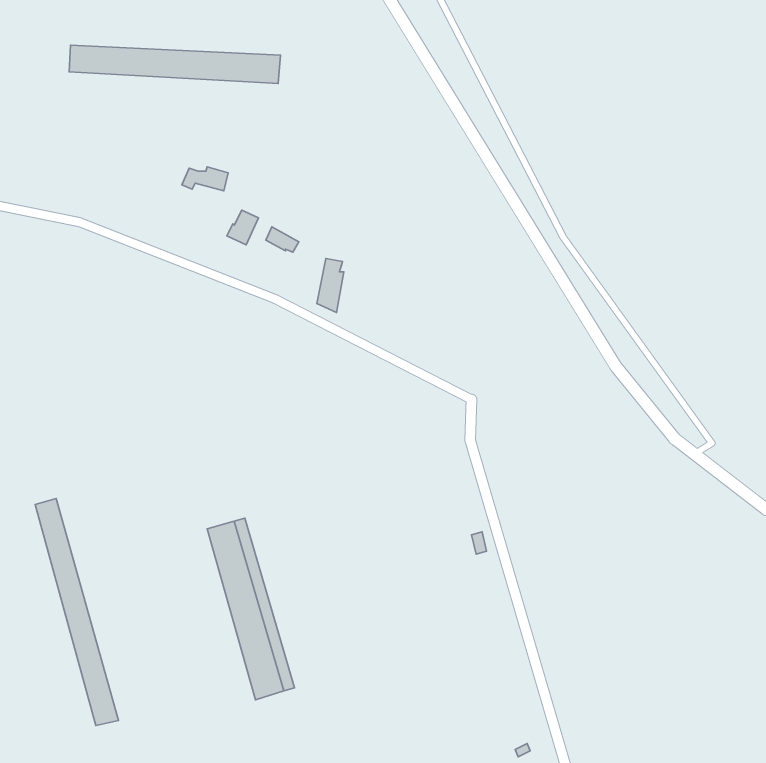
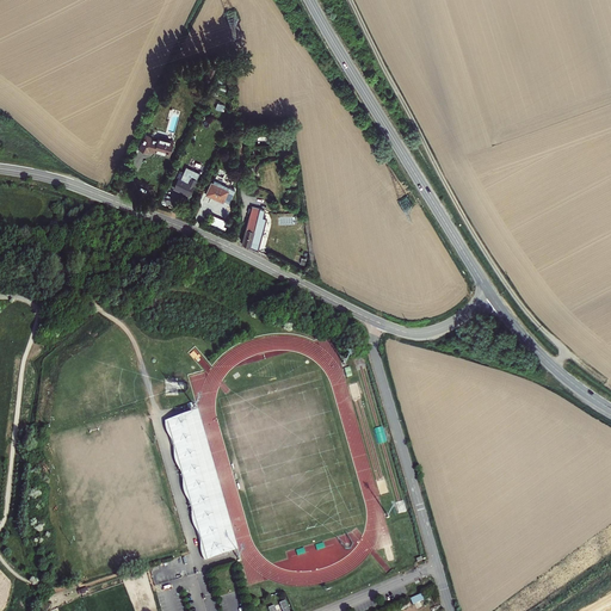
building: [69,45,281,84] -> none
building: [35,499,119,726] -> none

